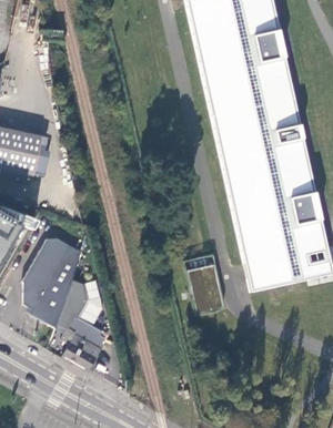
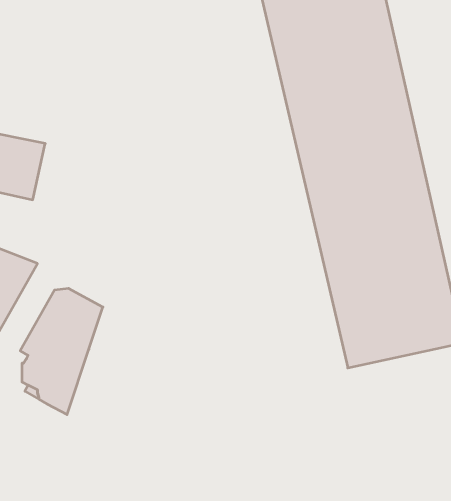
building: [185,262,223,313] -> none
building: [54,281,101,368] -> none

